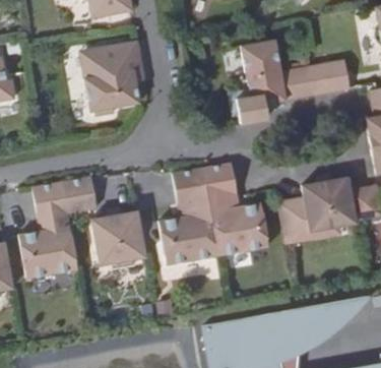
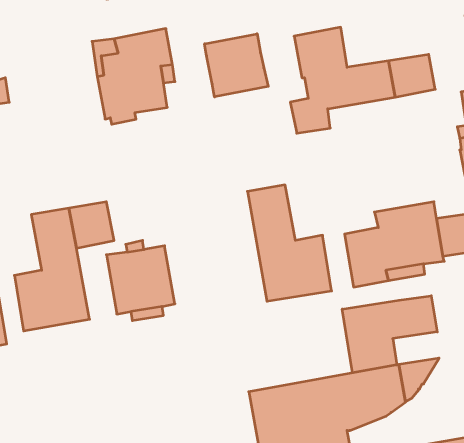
building: none -> [205,34,268,97]
building: [158,169,217,264] -> none
building: none -> [342,296,437,373]

